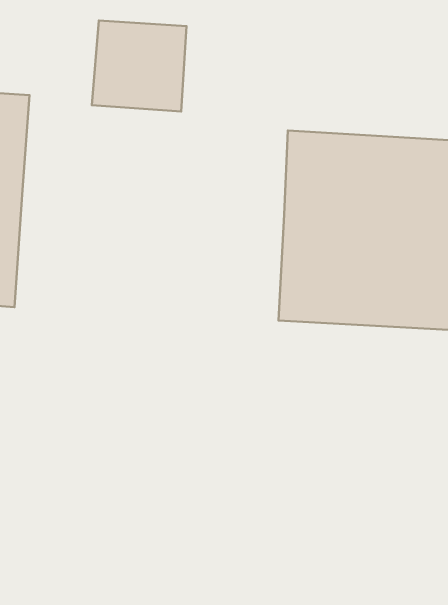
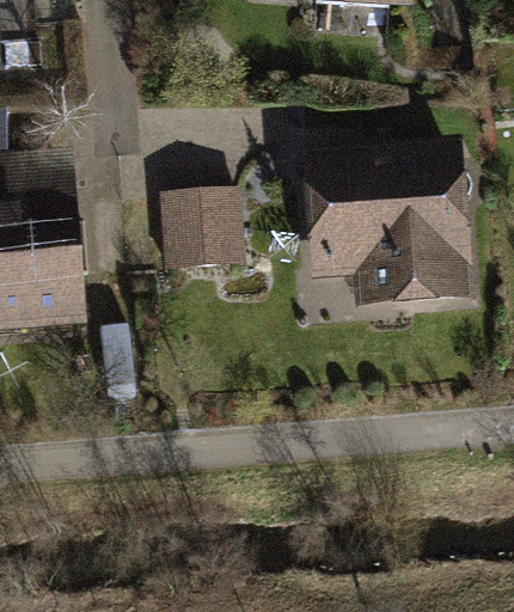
building: [92,20,187,111] -> [166,188,246,265]

